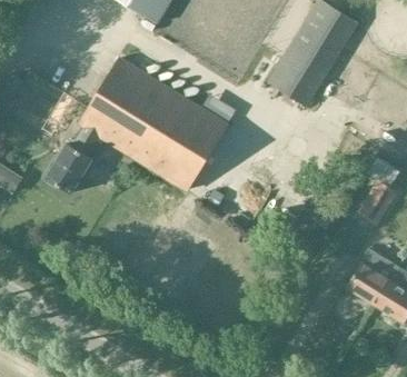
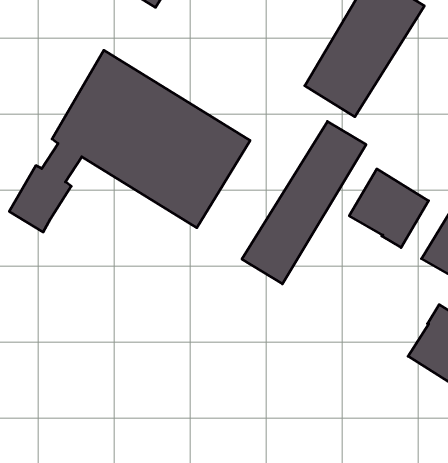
building: none -> [242,121,366,284]
building: none -> [349,169,429,248]

